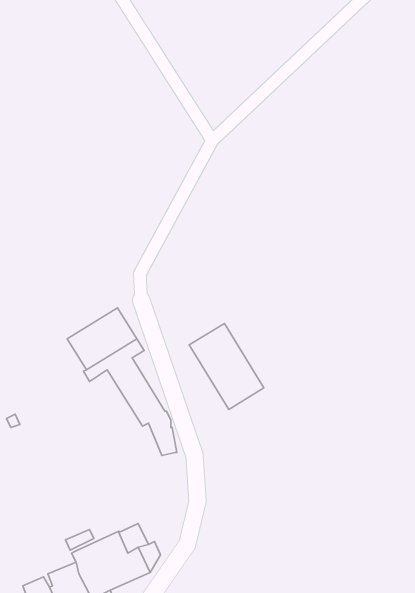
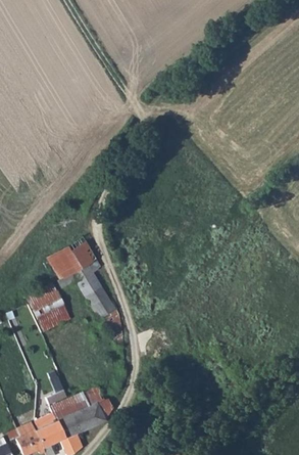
building: [189,323,264,409] -> none
building: none -> [27,283,70,332]

